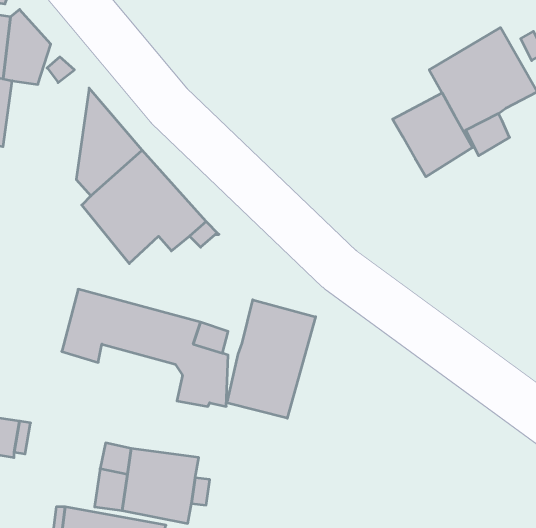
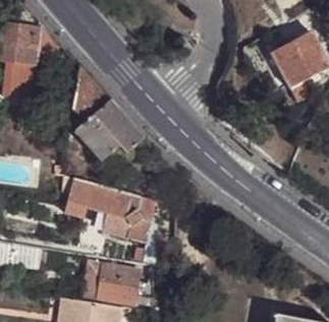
building: [393,93,473,177] -> none
building: [226,300,316,418] -> none

